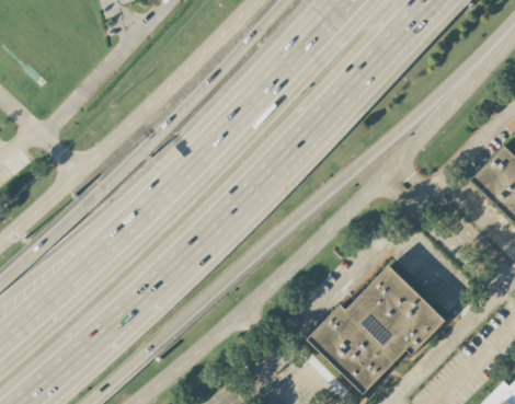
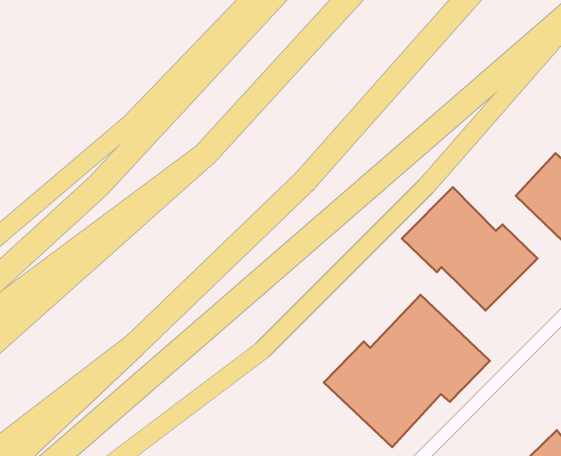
building: none -> [402,187,538,311]

